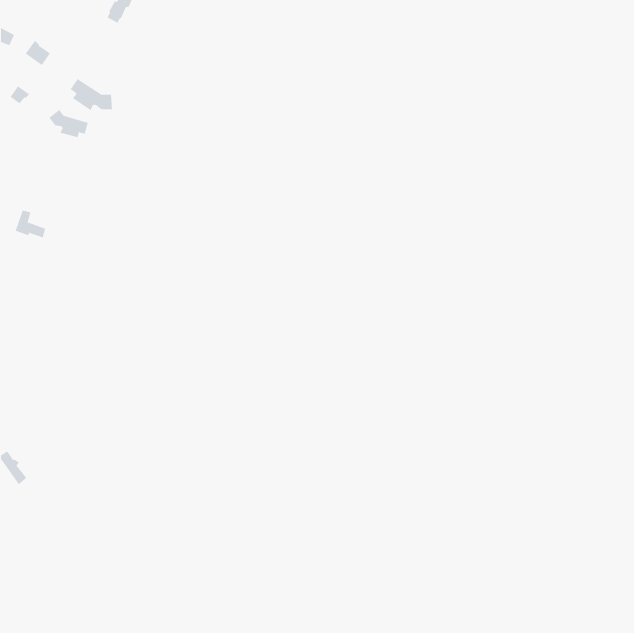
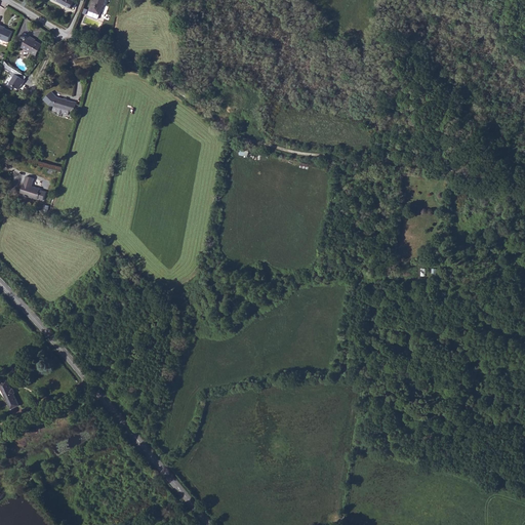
building: [70,78,112,111] -> none

